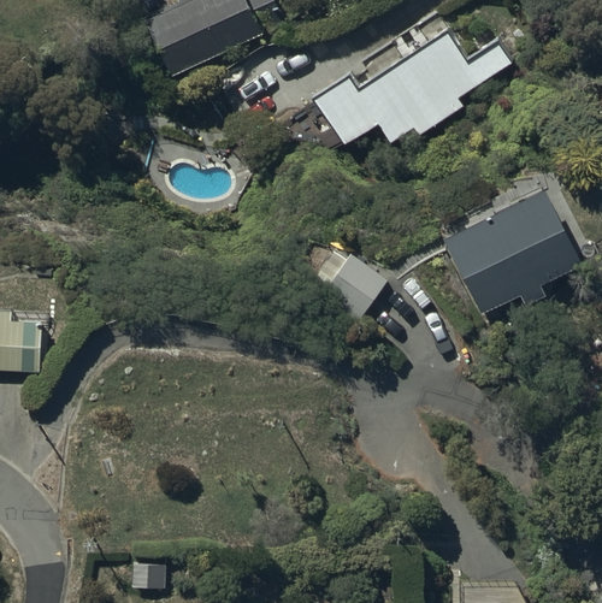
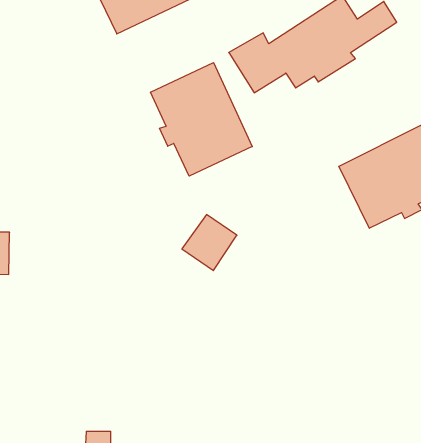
building: none -> [151,63,252,176]
building: [320,255,388,324] -> [182,215,237,271]

